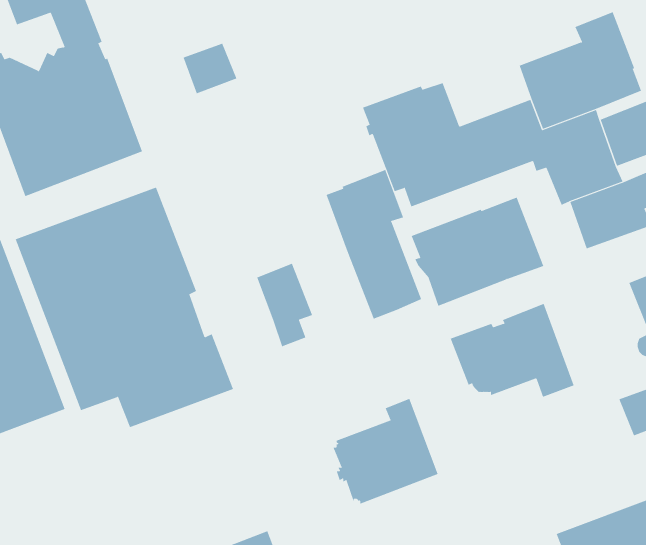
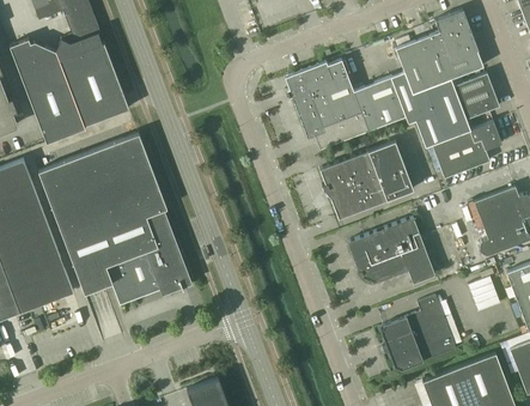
building: [183,43,237,94] -> none
building: [326,169,422,320] -> none
building: [256,263,313,347] -> none
building: [332,398,439,504] -> [379,296,455,371]

